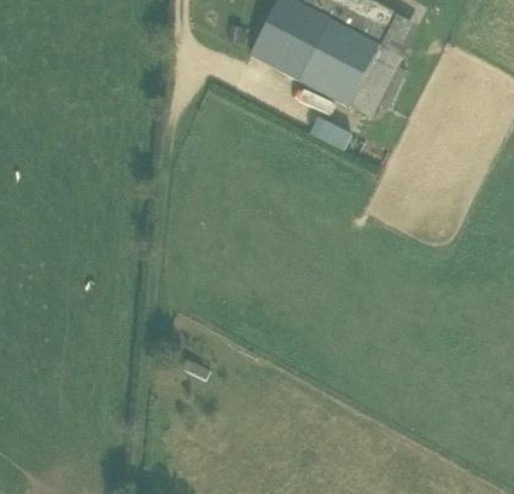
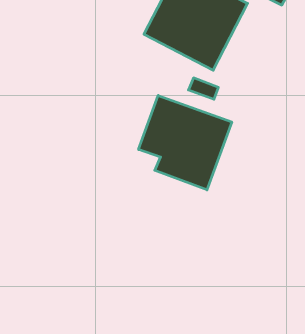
building: none -> [139,95,232,190]

